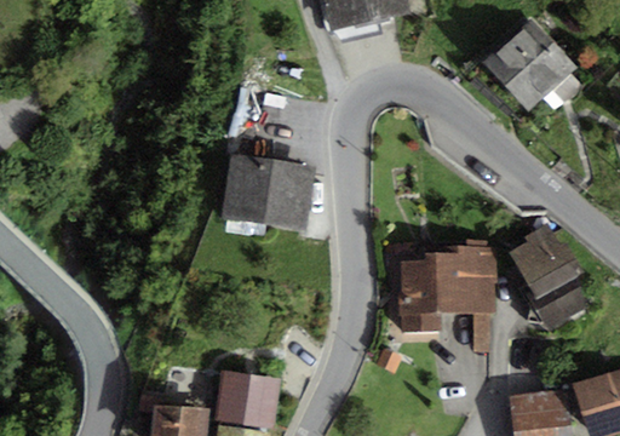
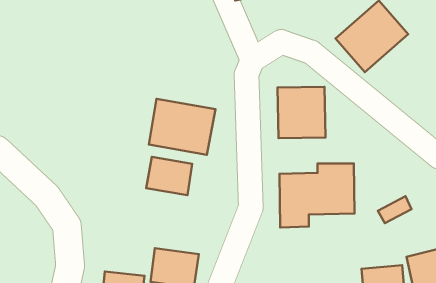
building: none -> [278,87,326,138]
building: [509,229,584,300] -> none
building: none -> [146,157,192,195]

